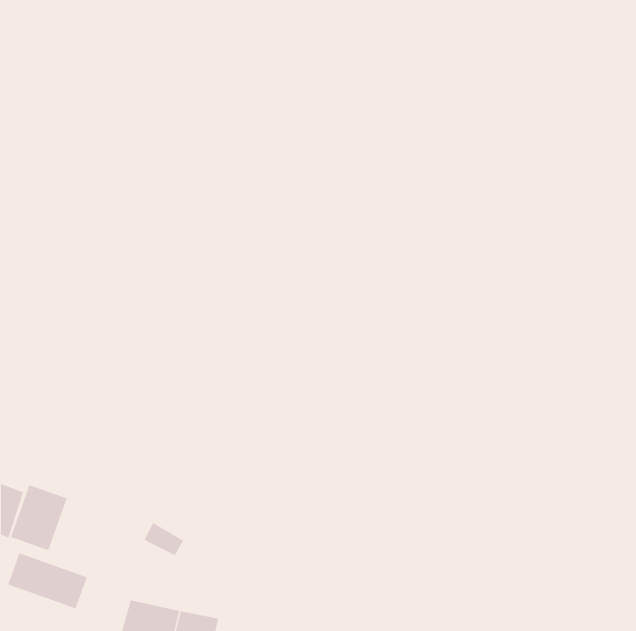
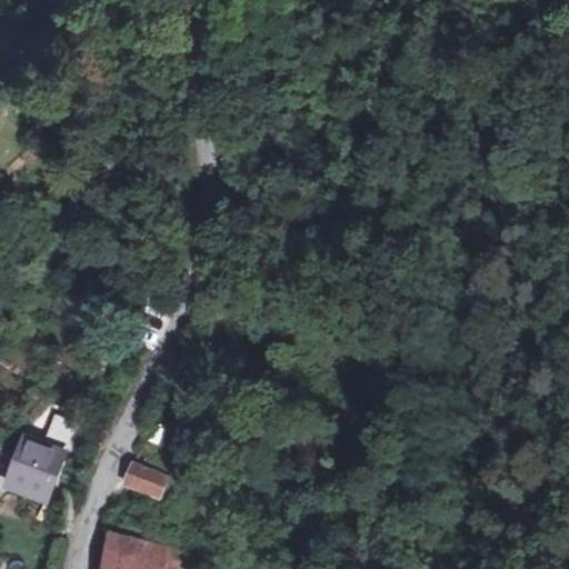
building: [8,553,87,609] -> none

